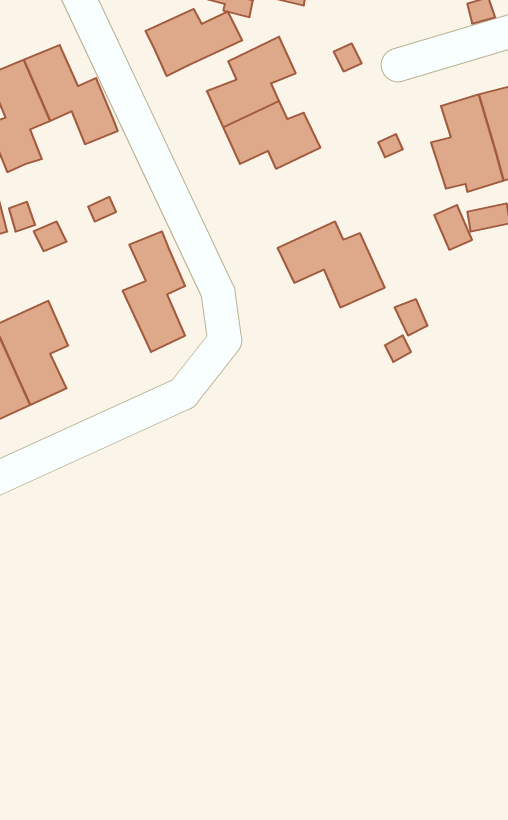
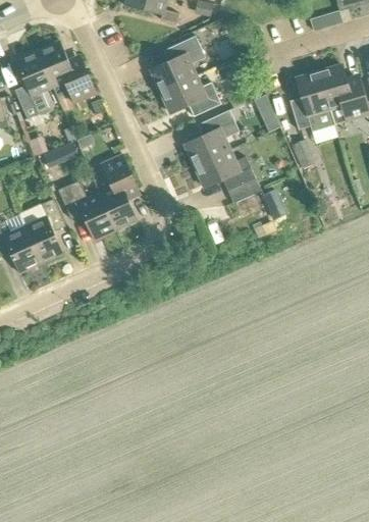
building: [145,9,242,76] -> none
building: none -> [183,109,239,165]
building: none -> [57,184,115,239]

